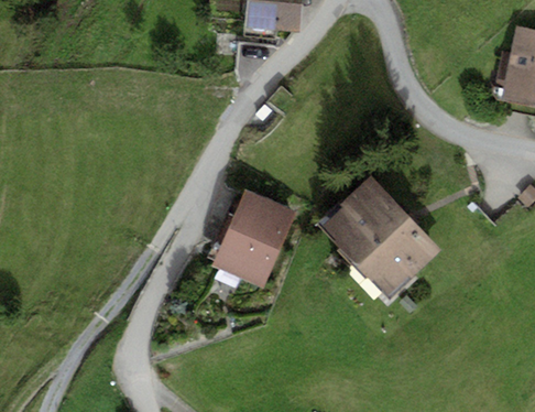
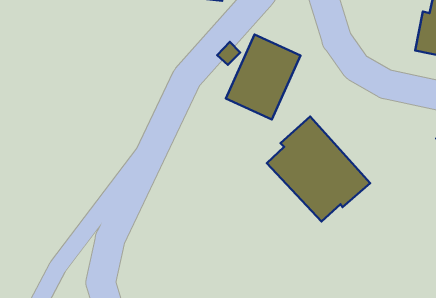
building: [210,191,296,289] -> [226,35,301,120]

